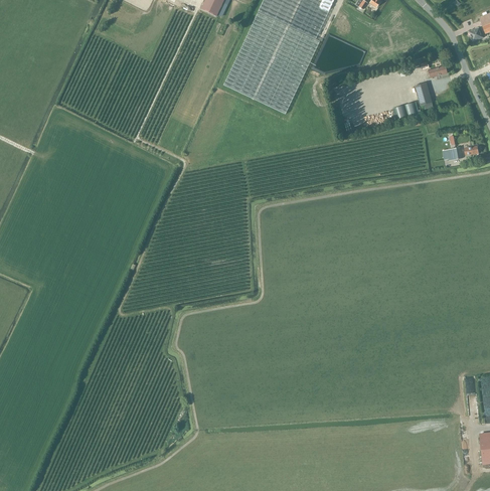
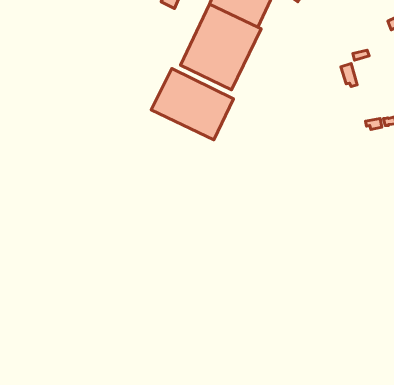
building: none -> [151,68,234,140]

